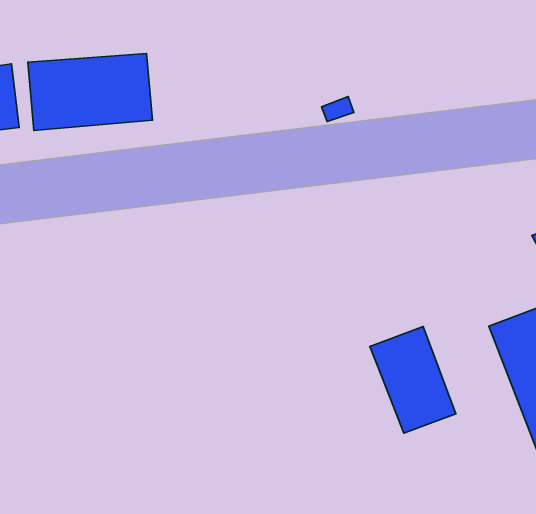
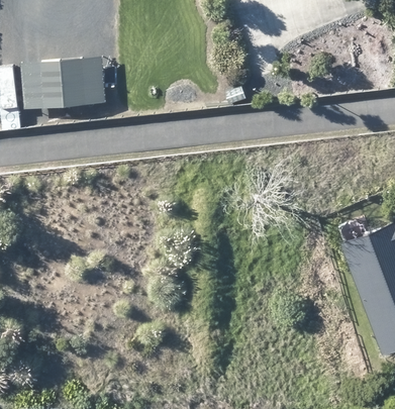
building: [370,326,456,433] -> none

